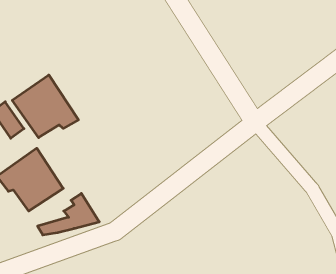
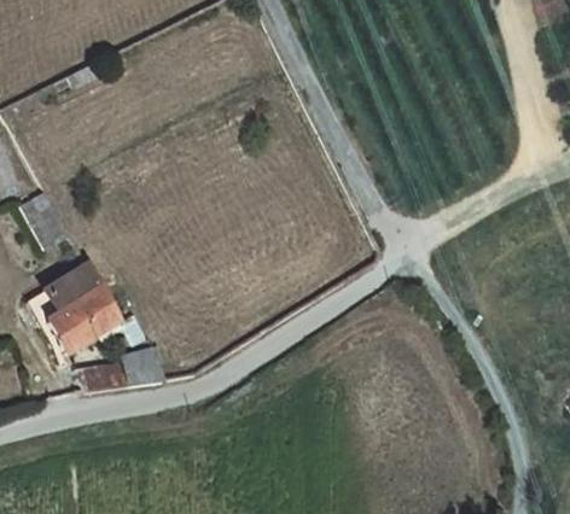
building: [12,75,78,138] -> none

